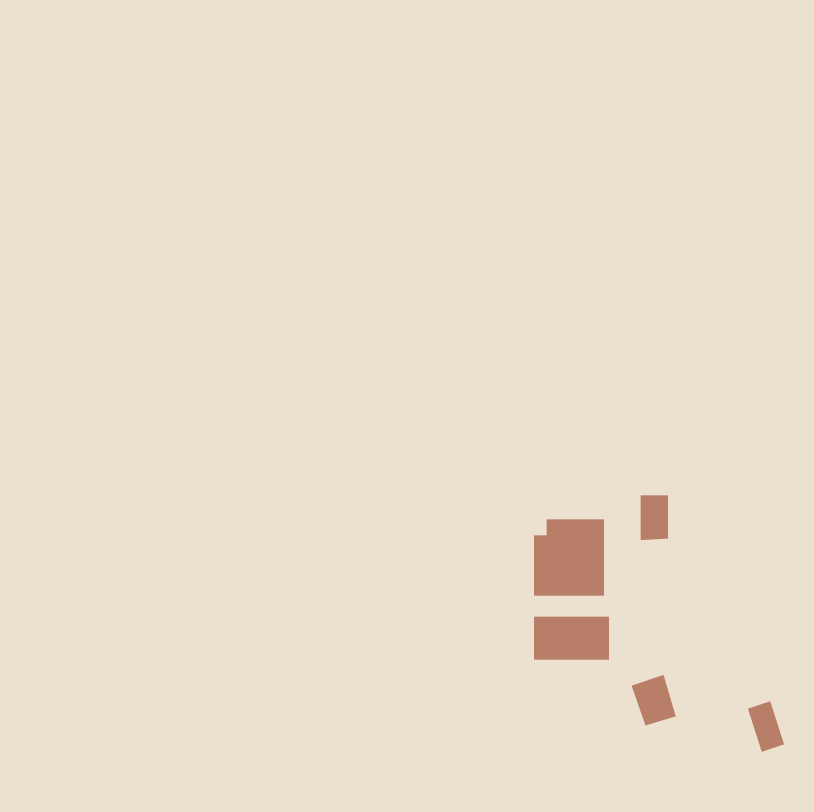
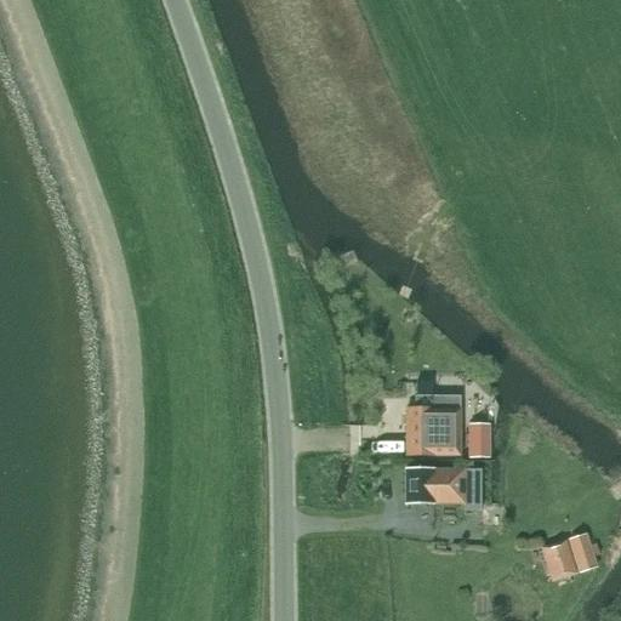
building: [640,495,669,541] -> [469,422,491,457]
building: [631,674,677,726] -> [541,540,576,580]

